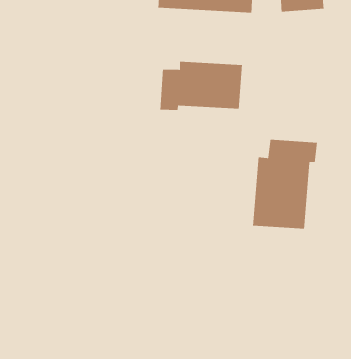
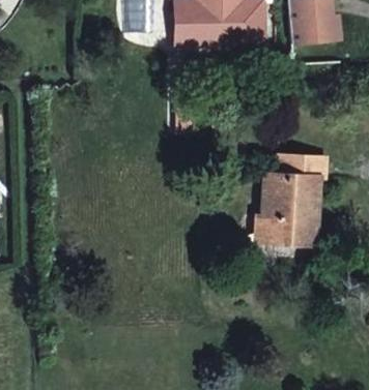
building: [159,61,243,111] -> none

